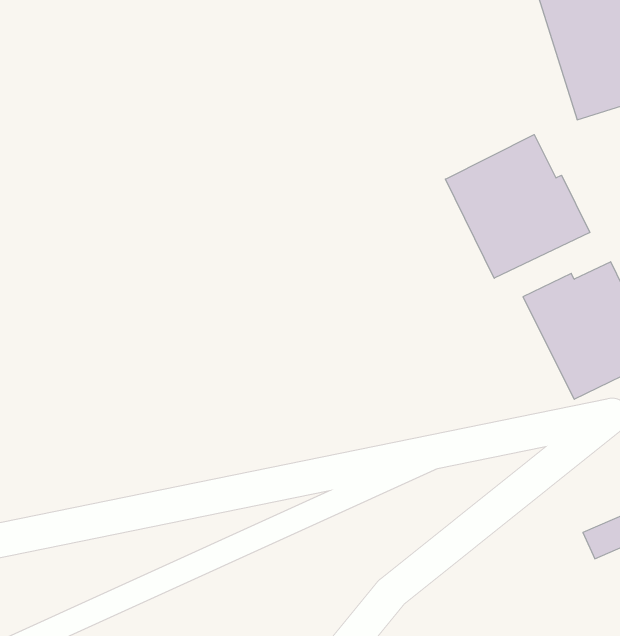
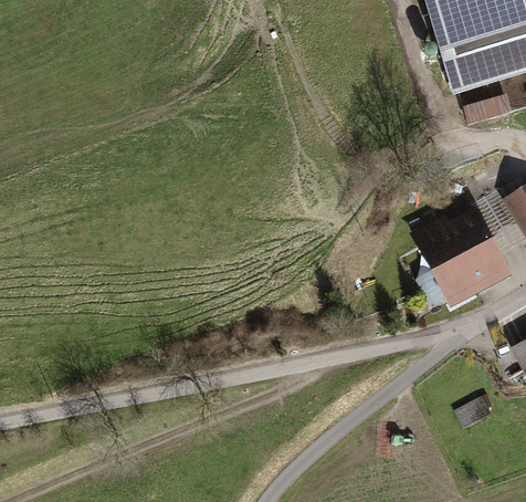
building: [445,135,590,278] -> none

